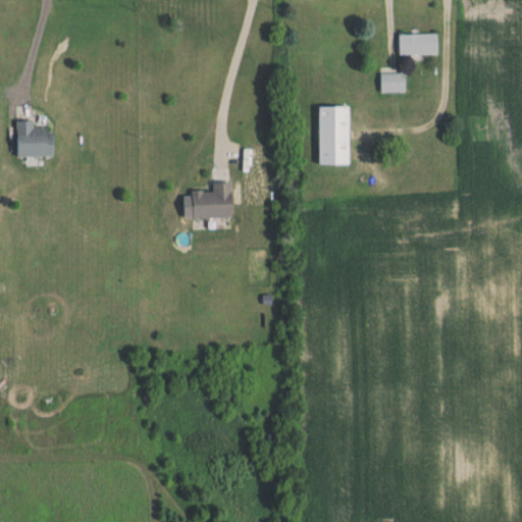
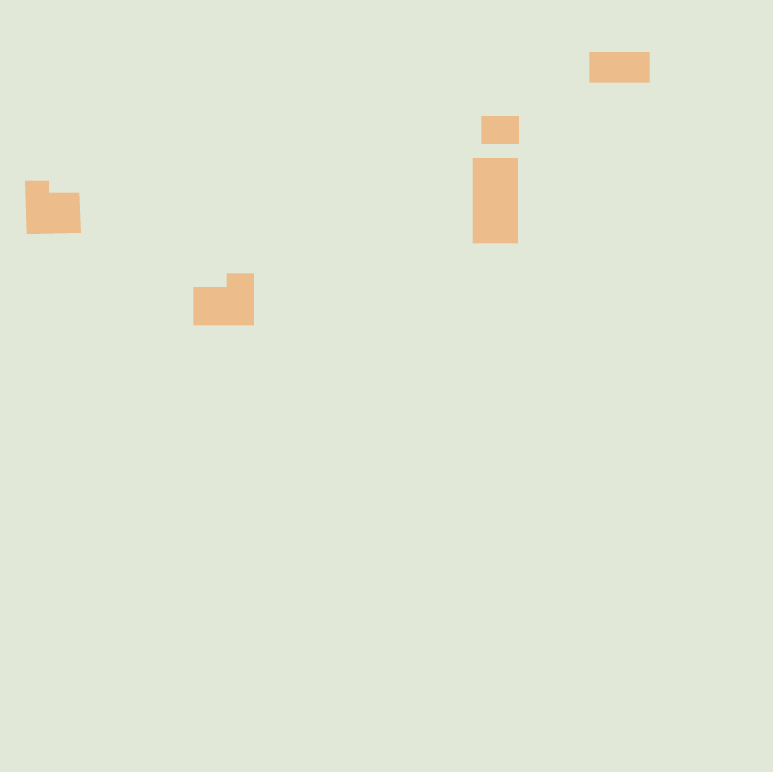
building: [378,73,405,93] -> [480,116,520,144]
building: [191,182,232,218] -> [193,273,255,326]

